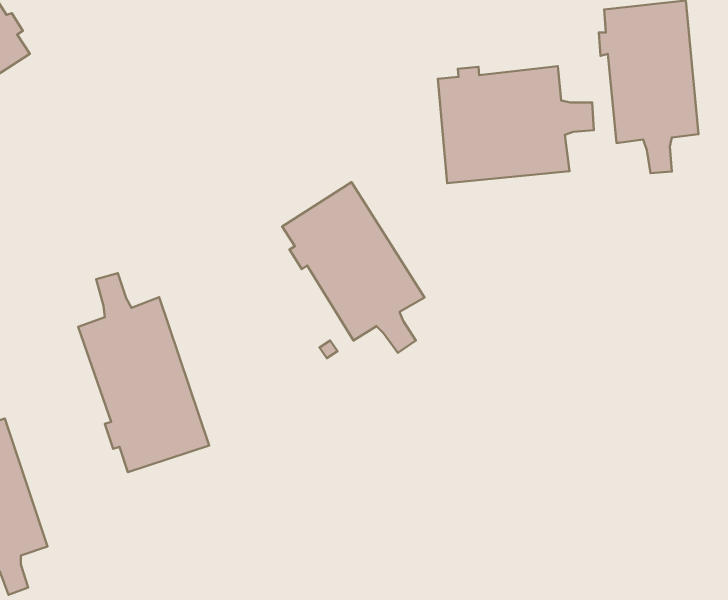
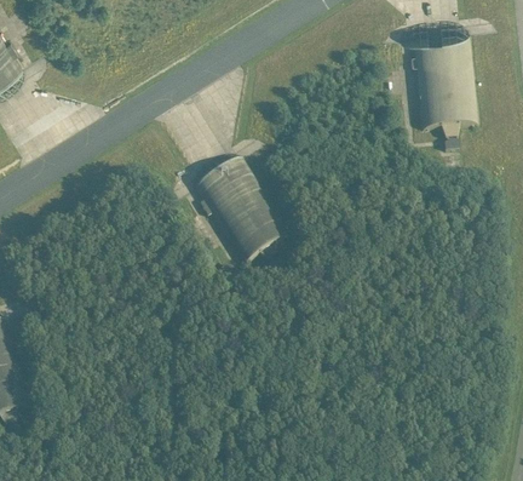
building: [438,66,594,183] -> none
building: [78,273,209,472] -> none

